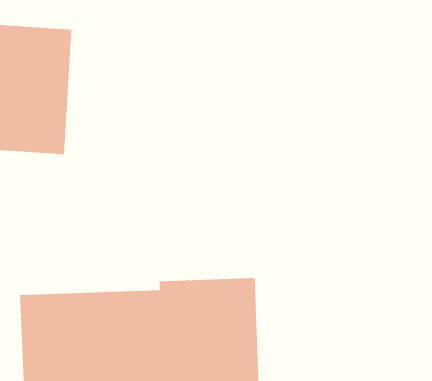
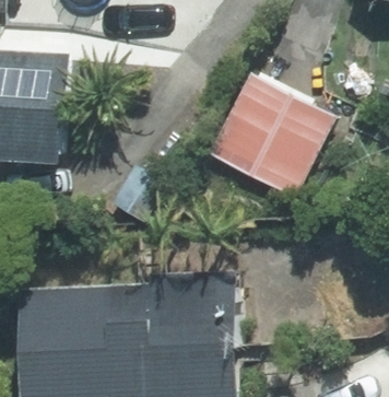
building: none -> [205,75,334,199]

